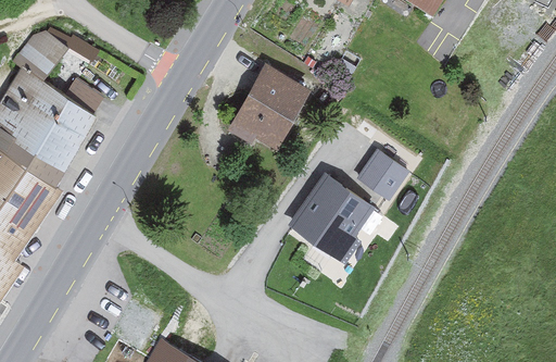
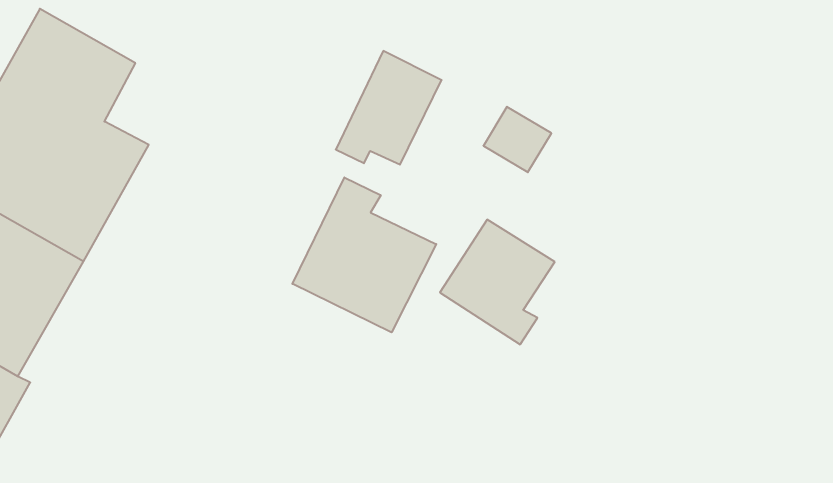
building: none -> [292,177,436,332]
building: [352,148,395,190] -> [483,107,551,172]

